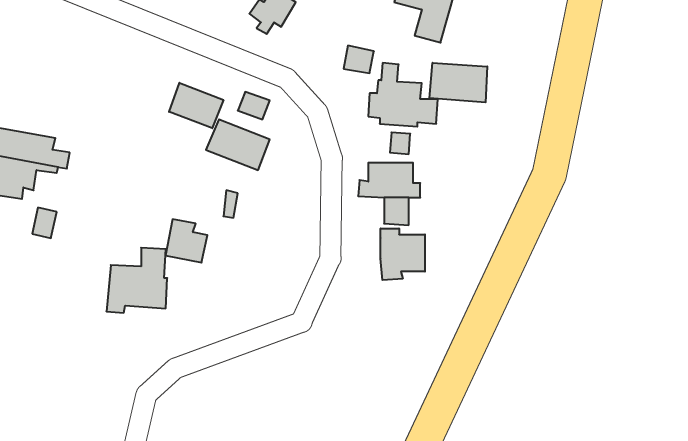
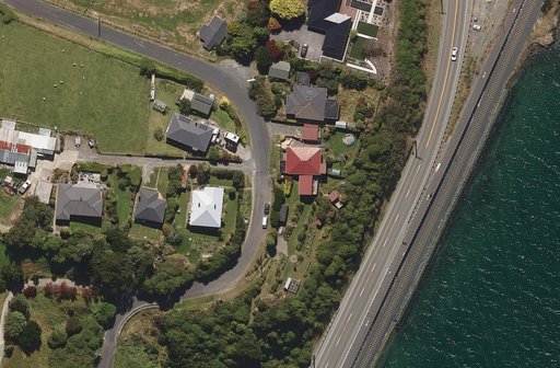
building: [430,63,487,102] -> none
building: [169,83,223,128] -> none
building: none -> [189,186,222,228]
building: [381,228,425,280] -> none
building: [106,248,167,313] -> [55,171,101,220]

